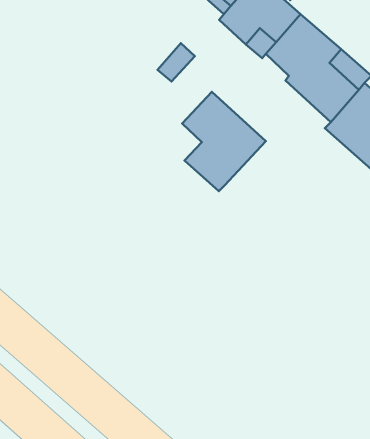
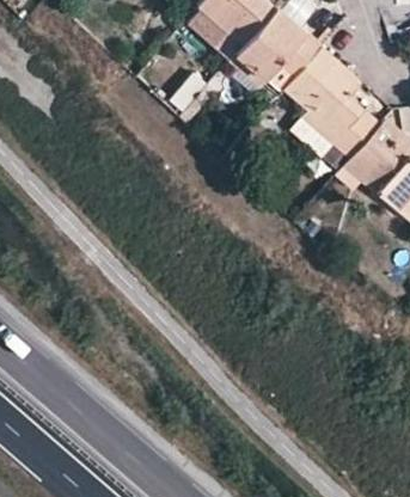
building: [182,92,266,191] -> none

